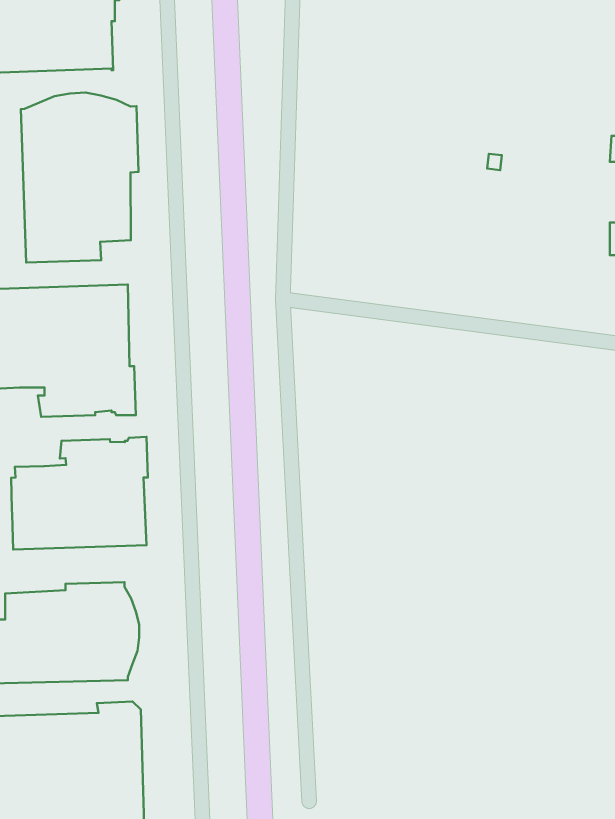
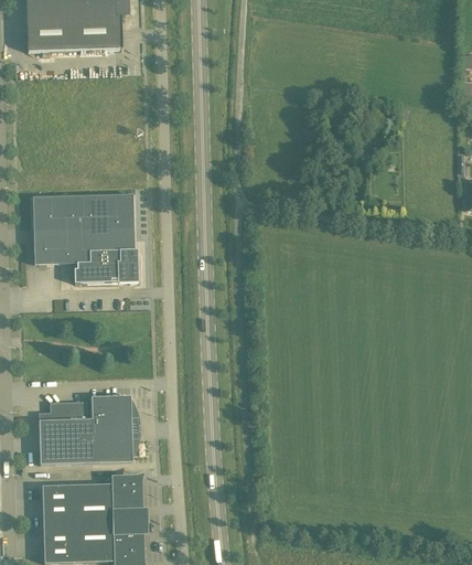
building: [21,93,138,263] -> none
building: [11,437,148,550] -> none

